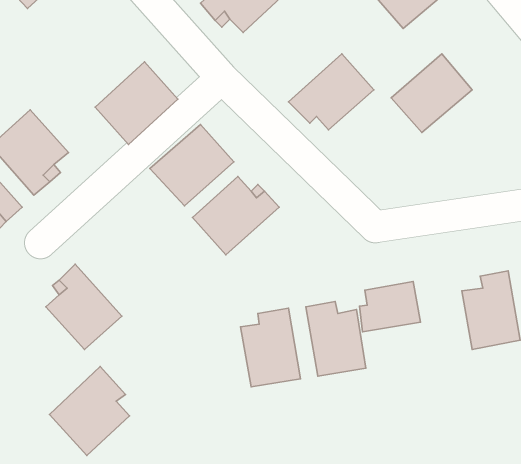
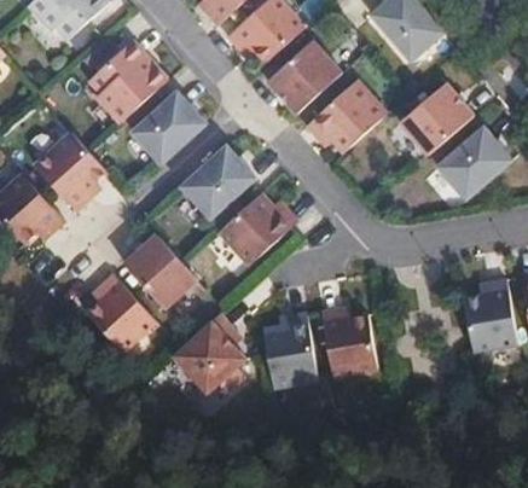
building: none -> [267,39,342,114]
building: none -> [89,41,167,122]
building: none -> [439,128,511,198]
building: none -> [124,234,197,308]
building: [360,281,420,332] -> none
building: [50,366,129,456] -> [173,312,245,393]

